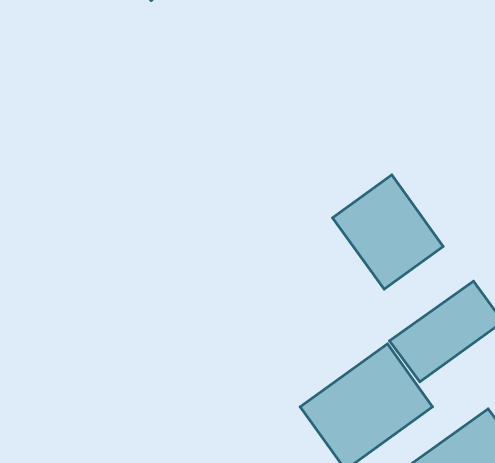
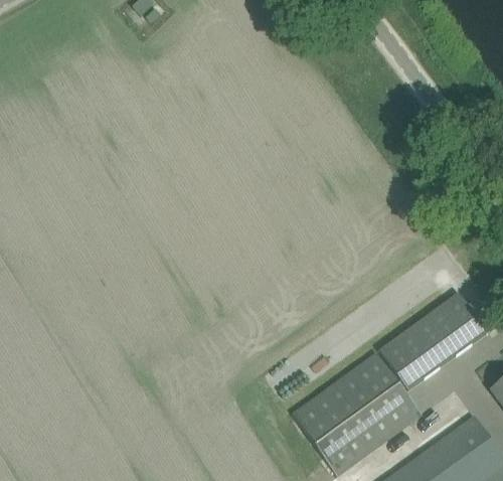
building: [333,175,443,289] -> none

